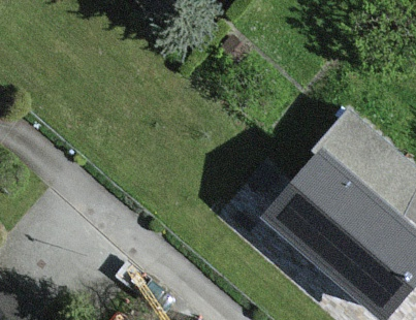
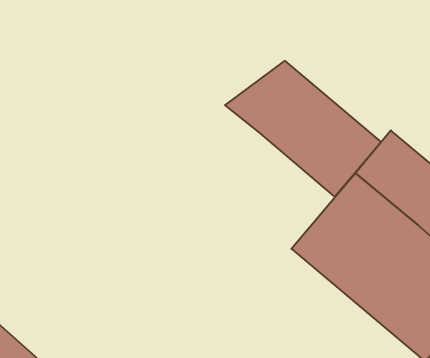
building: none -> [225,61,381,197]

